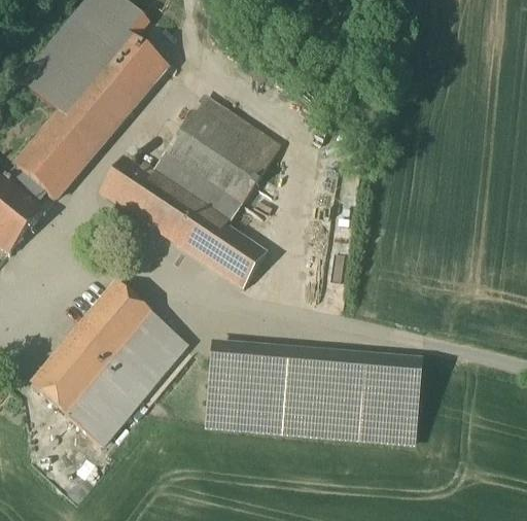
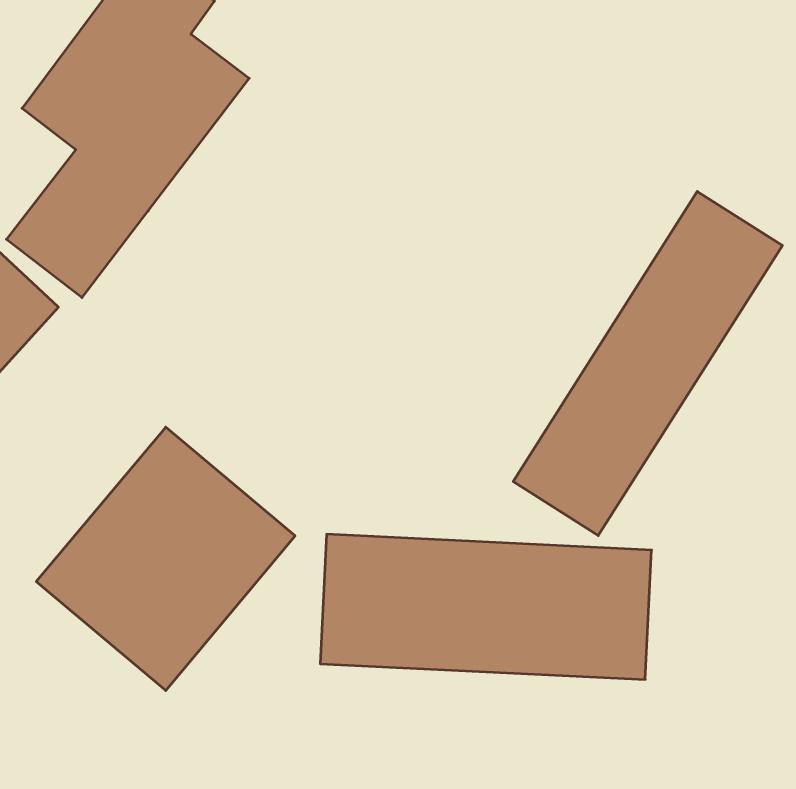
building: [100,84,283,281] -> none
building: none -> [513,191,782,536]

